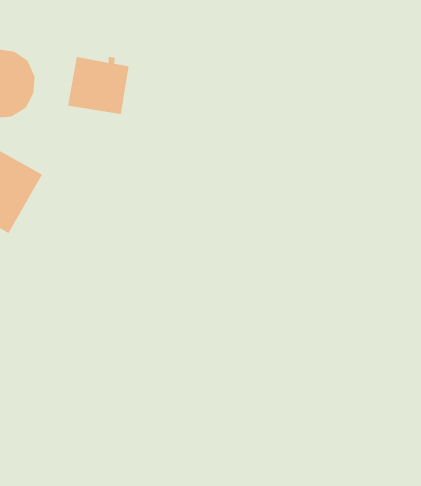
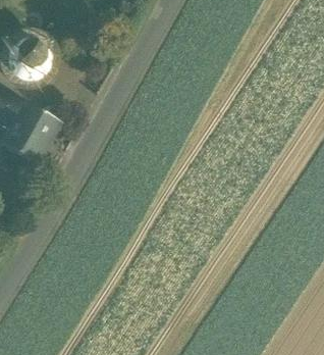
building: [68,56,129,115] -> none

